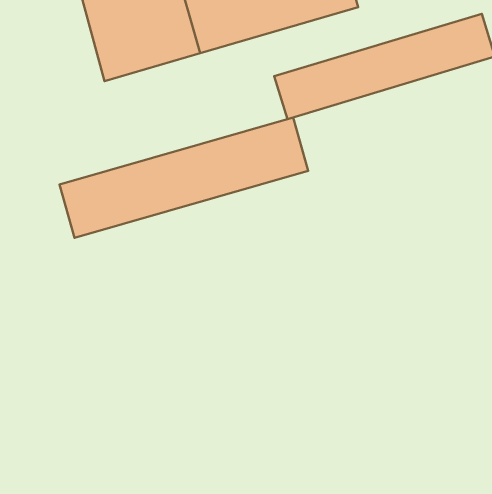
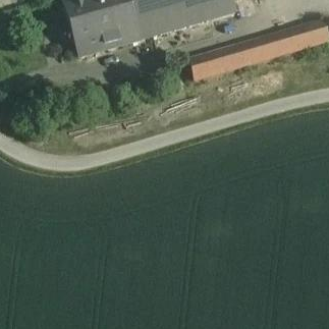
building: [60,118,308,238] -> none

